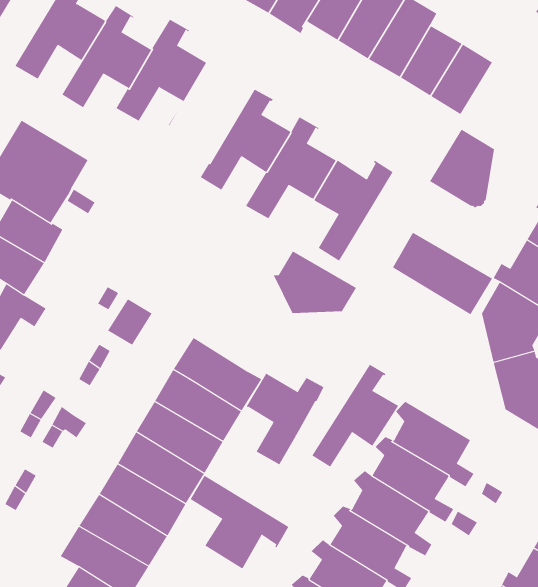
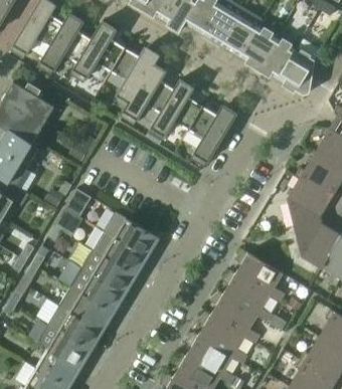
building: none -> [103,47,159,109]
building: [429,129,495,208] -> [277,48,316,95]
building: [392,232,493,315] -> none
building: [273,250,357,314] -> none
building: [311,364,400,471] -> none
building: [246,372,324,465] -> none
building: [182,475,289,570] -> none

